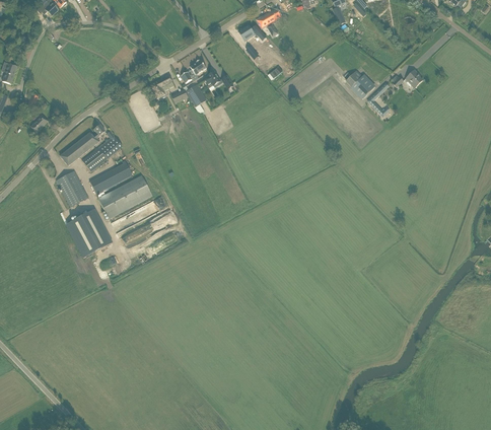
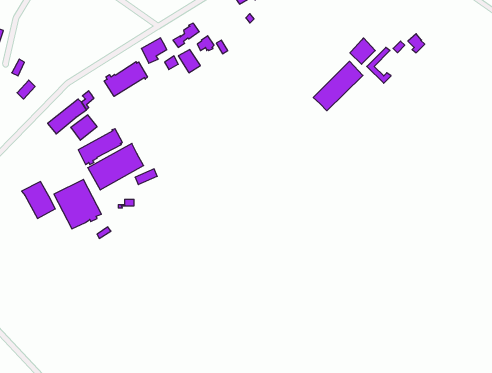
building: none -> [313,61,363,111]
building: none -> [104,62,147,96]
building: [56,169,88,205] -> [22,182,55,218]

